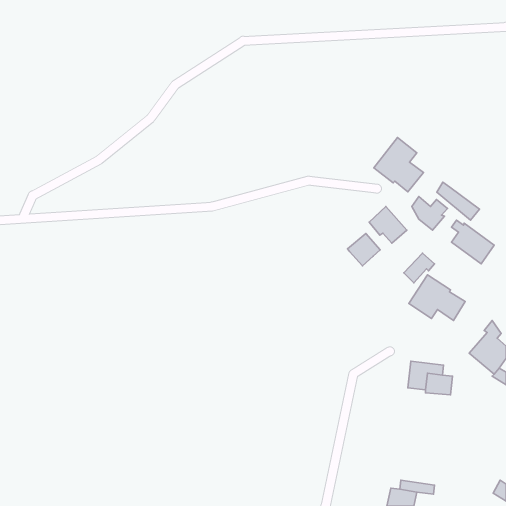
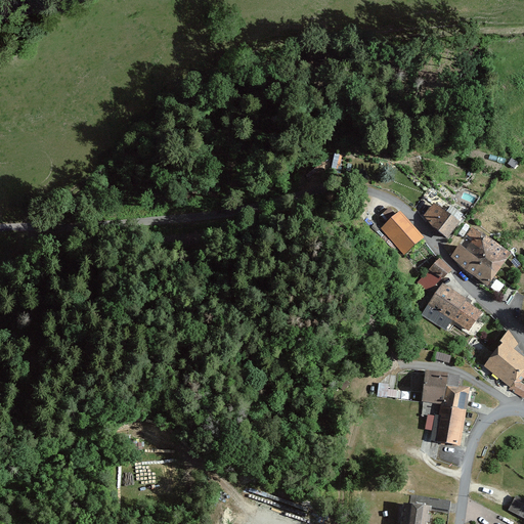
building: [374,138,423,192] -> none
building: [437,182,479,220] -> [452,245,496,283]
building: [347,233,380,266] -> none
building: none -> [431,405,465,444]

